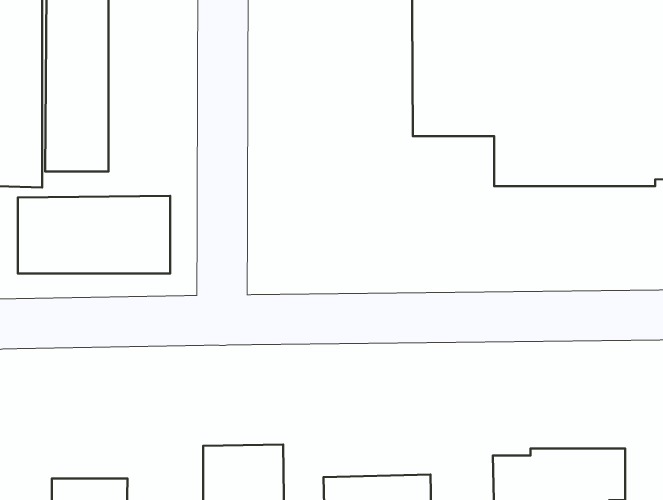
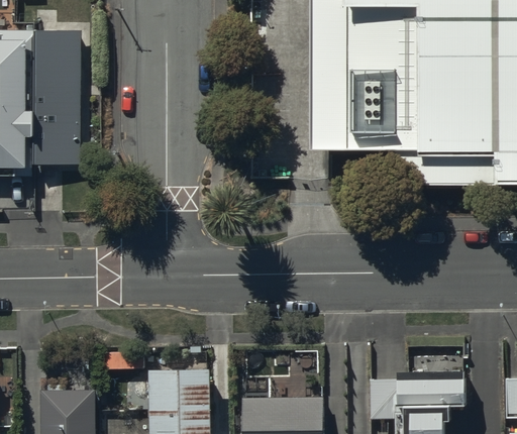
building: [18,196,170,274] -> none

